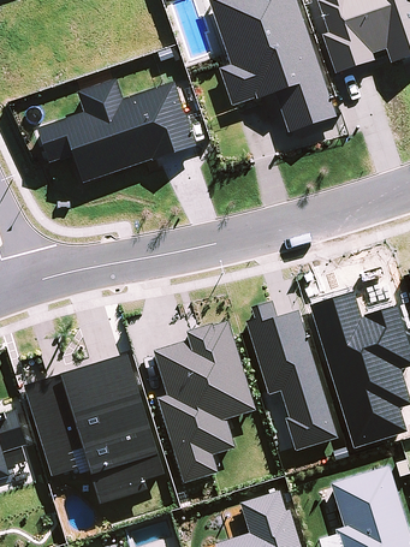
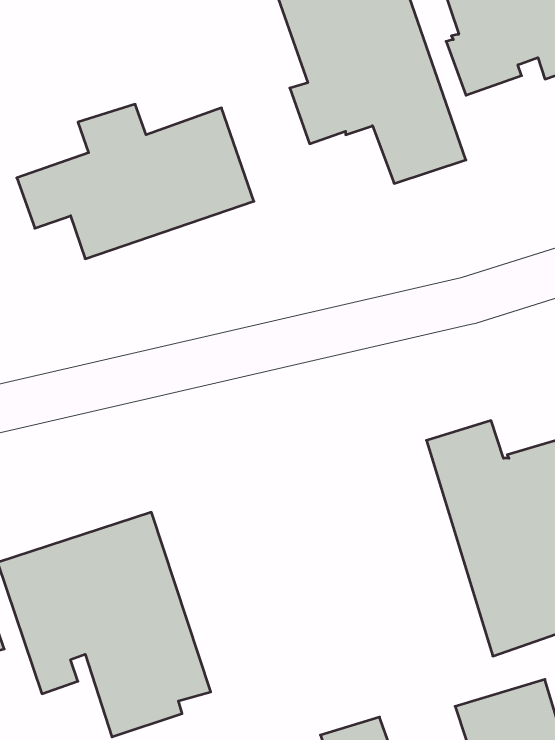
building: [245,301,337,450] -> none
building: [153,320,255,481] -> none

